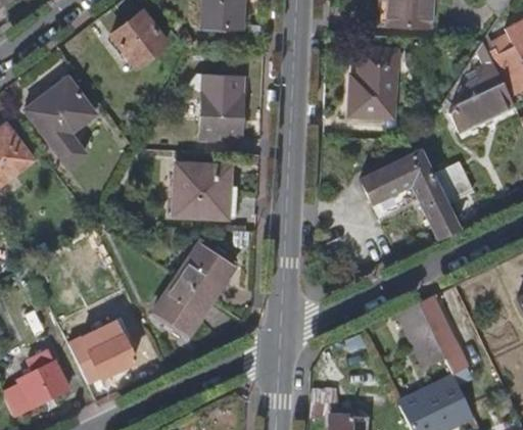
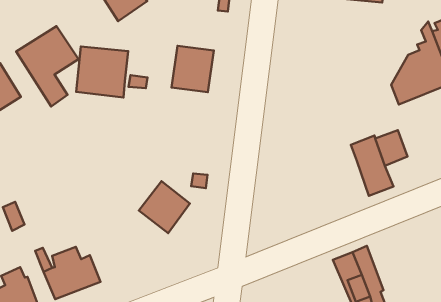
building: [348,48,398,116] -> none
building: [359,140,433,221] -> none
building: [175,162,229,216] -> [76,46,128,98]
building: [154,276,211,333] -> none

